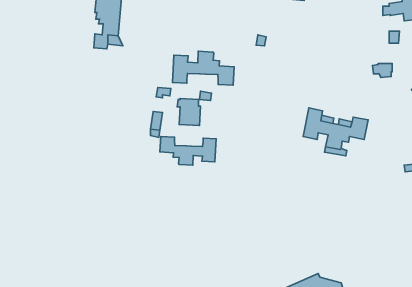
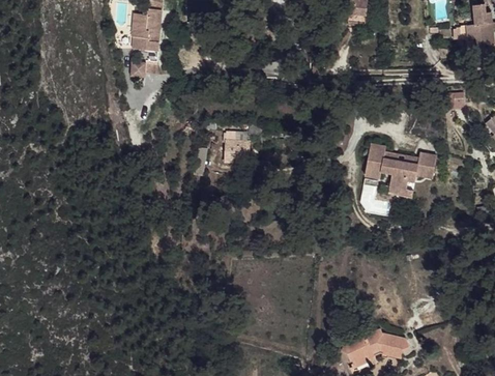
building: [173,51,234,85] -> none
building: [160,136,216,165] -> none

